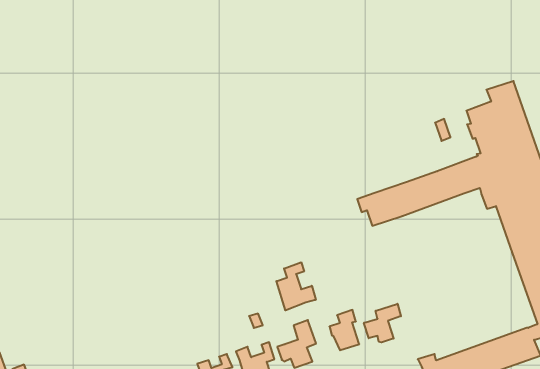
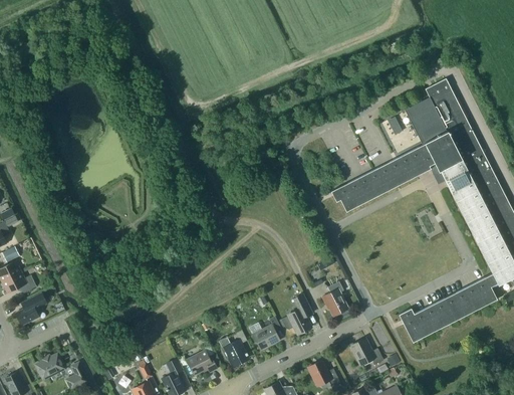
building: [276,262,316,310] -> none
building: [364,304,401,342] -> none

